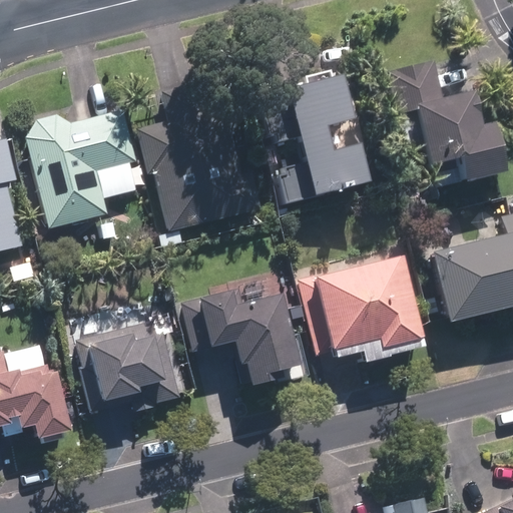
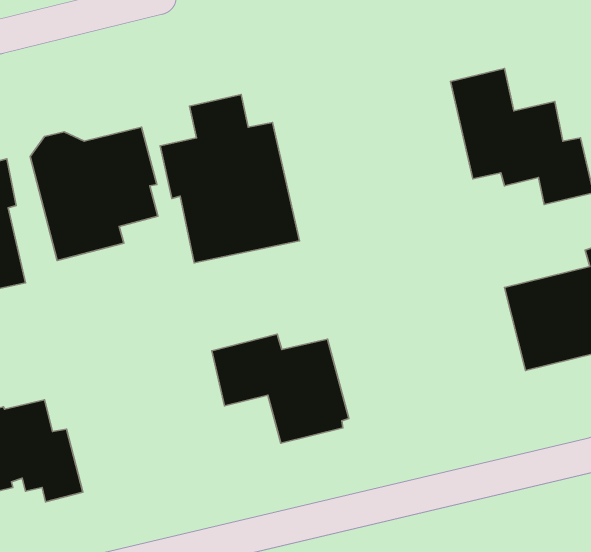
building: [259,73,371,200] -> none
building: [297,255,425,358] -> none
building: [76,324,179,414] -> none

